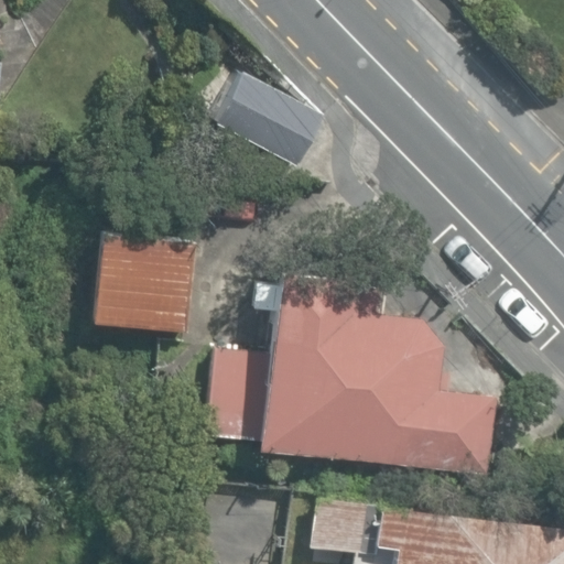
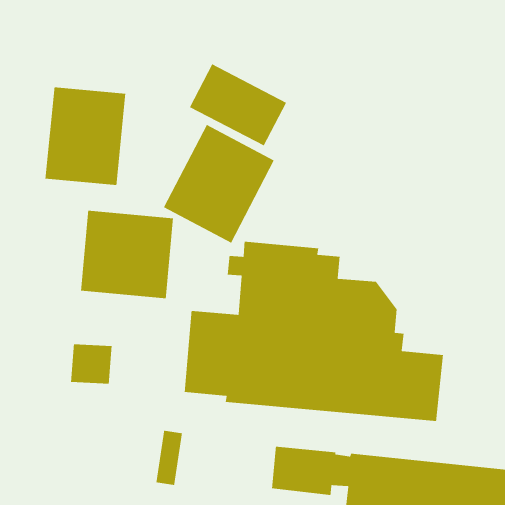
building: none -> [45,87,126,186]
building: none -> [163,124,275,244]

